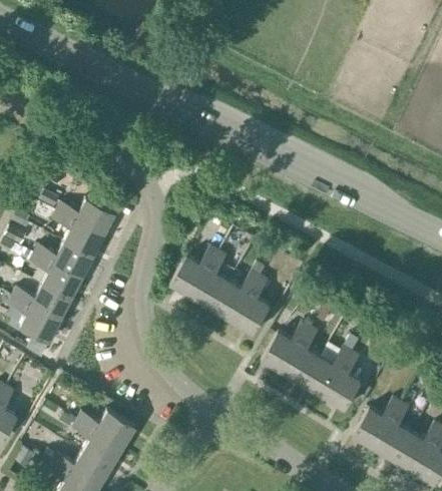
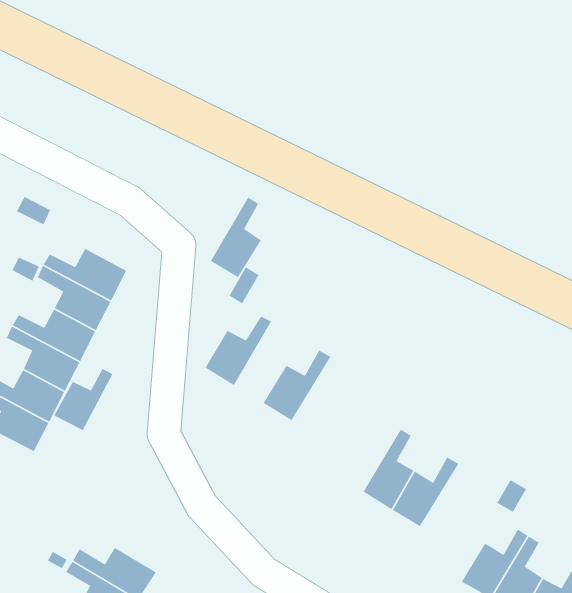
building: [193,248,231,306] -> [210,196,262,278]
building: [235,273,273,331] -> none
building: none -> [53,368,114,431]
building: [264,319,312,369] -> none
building: [326,349,364,407] -> none

